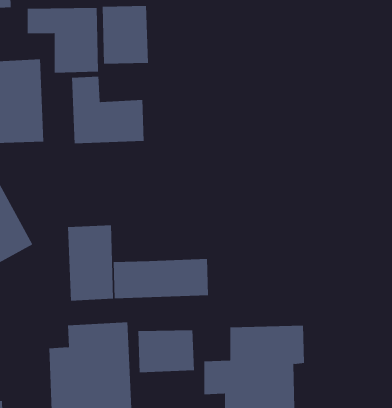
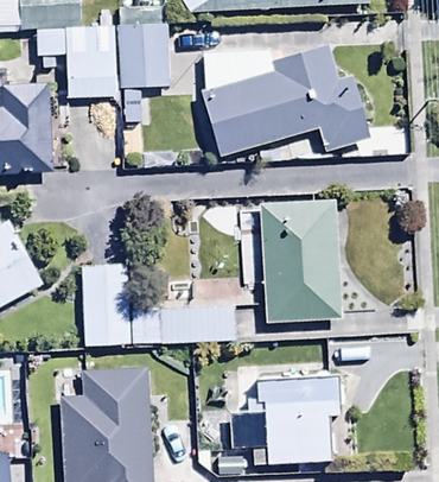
building: none -> [199,46,368,157]
building: [71,76,144,144] -> none
building: none -> [260,202,341,322]
building: [138,329,194,373] -> none

